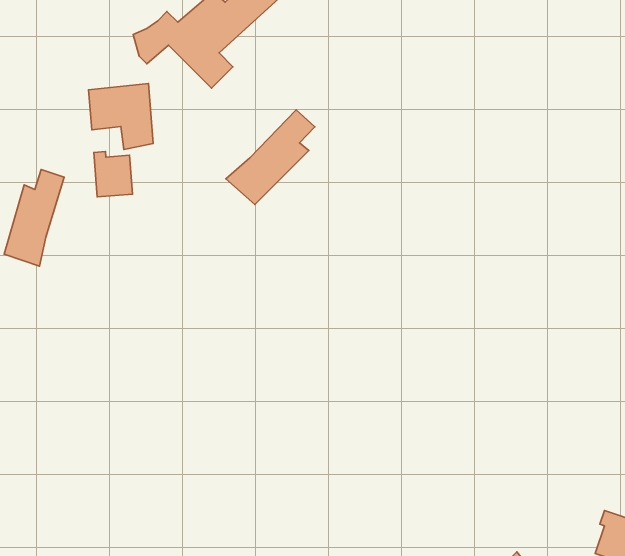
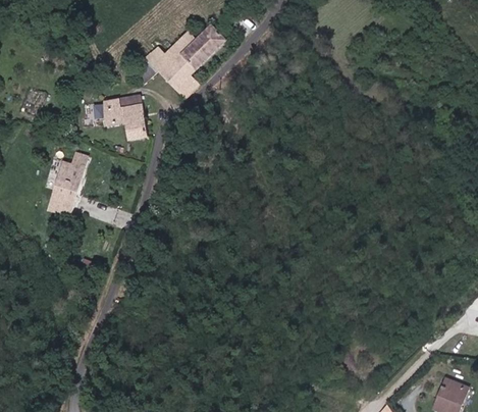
building: [226,110,315,205] -> none
building: [94,152,132,197] -> none

